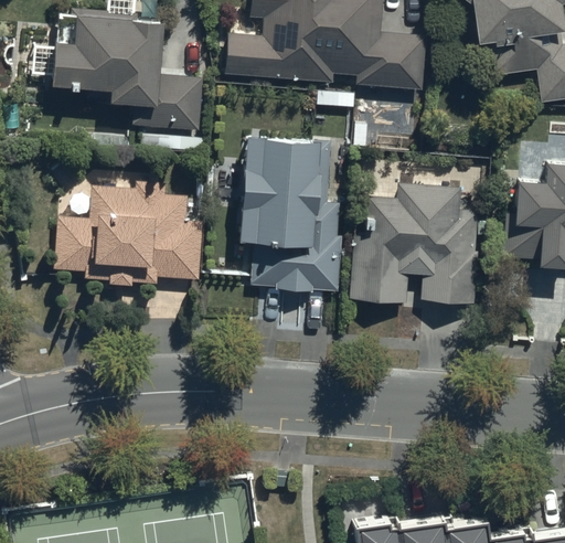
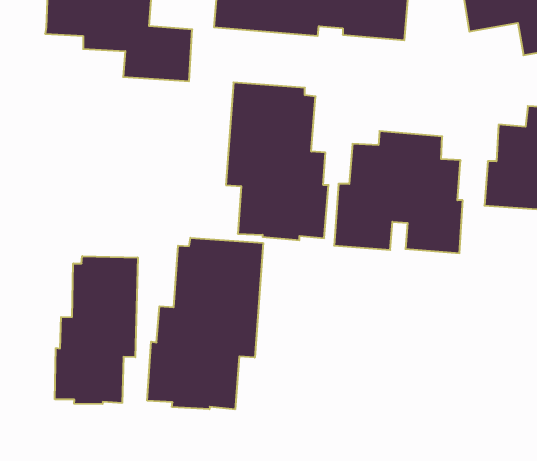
building: [56,179,204,284] -> none
building: none -> [147,238,263,409]
building: none -> [55,256,138,404]

